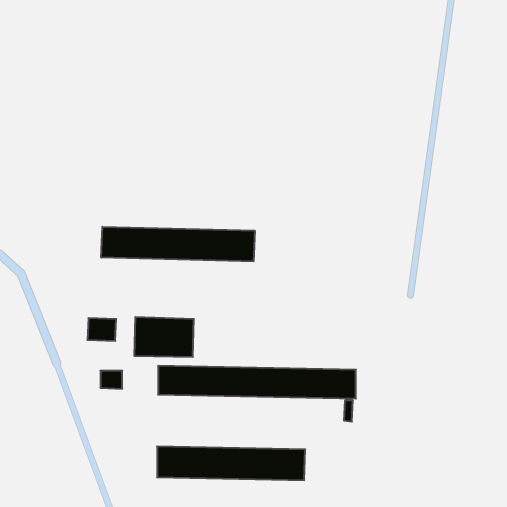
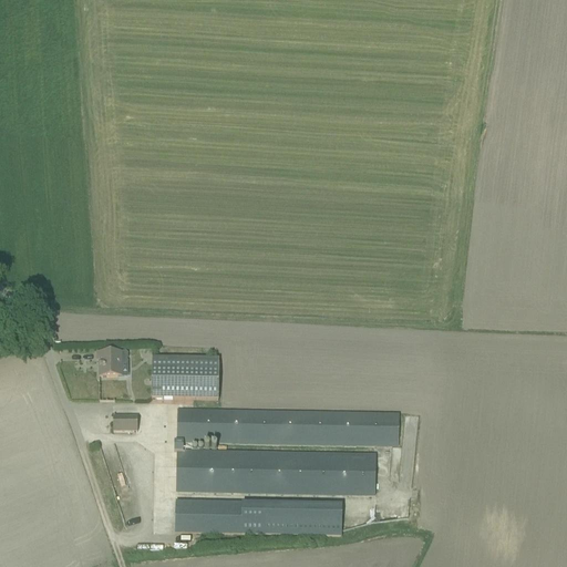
building: [101,227,255,261] -> none
building: none -> [177,451,375,493]

